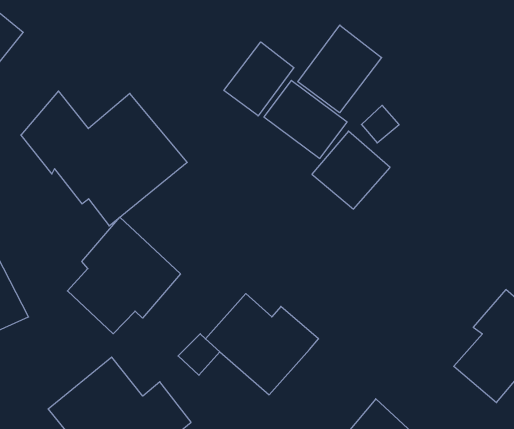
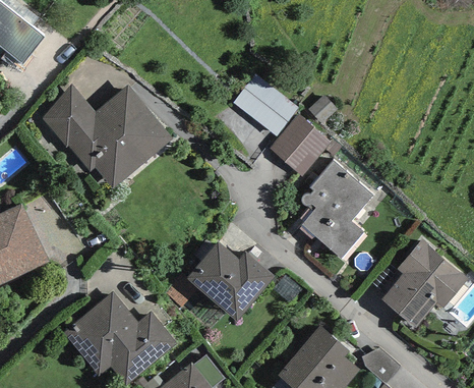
building: [298,25,382,113] -> none
building: [224,42,294,116] -> none
building: none -> [301,161,372,259]
building: [67,217,180,334] -> none

